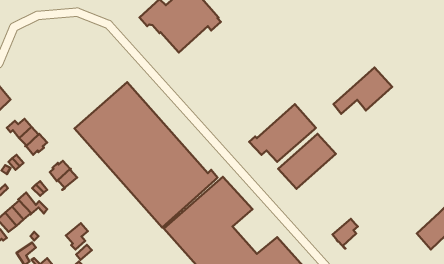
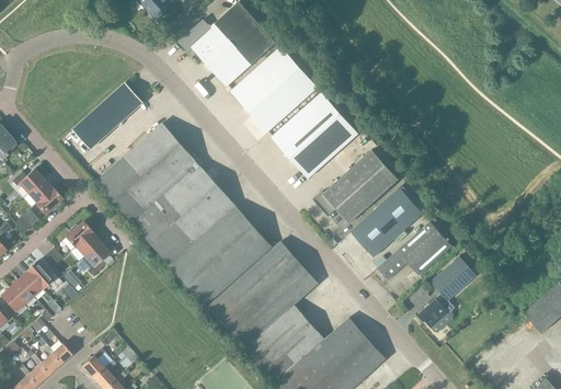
building: none -> [231,47,317,133]
building: none -> [72,83,142,150]
building: none -> [272,93,357,179]
building: [333,68,392,114] -> [378,222,451,281]
building: none -> [431,256,477,301]
building: [66,223,88,250] -> [81,243,108,276]

